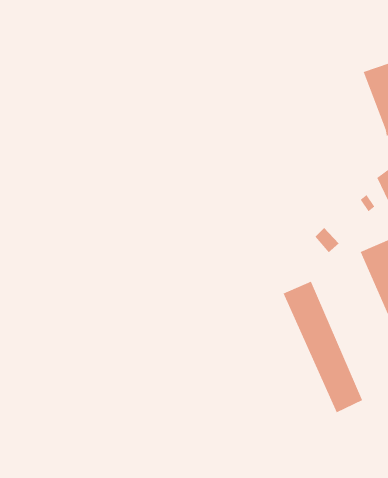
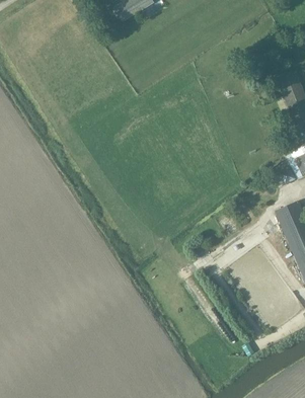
building: [283,281,363,413] -> none

